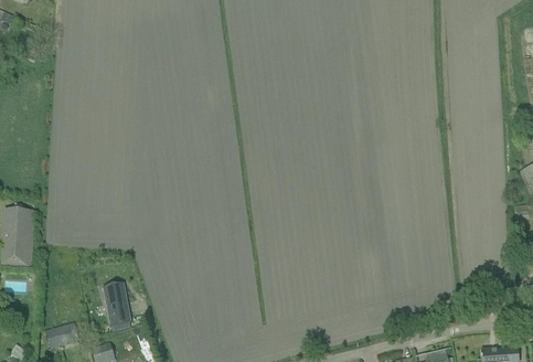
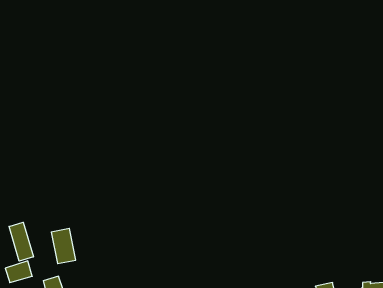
building: none -> [9,222,33,261]

